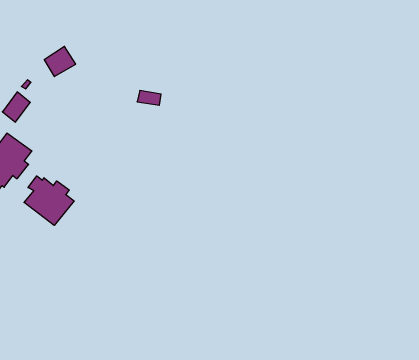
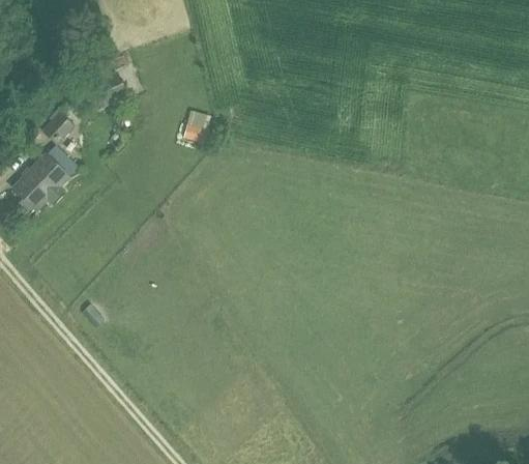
building: [24,176,74,225] -> none

